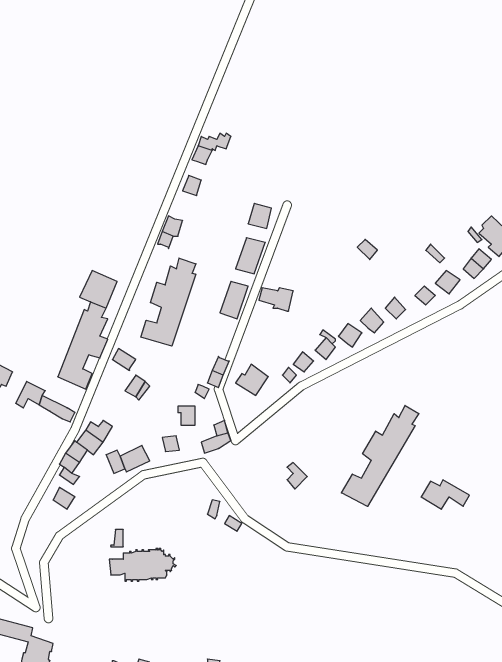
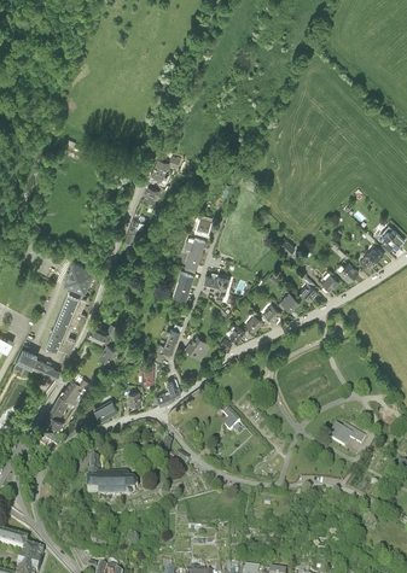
building: [141,258,196,346] -> none
building: [341,405,419,506] -> none

